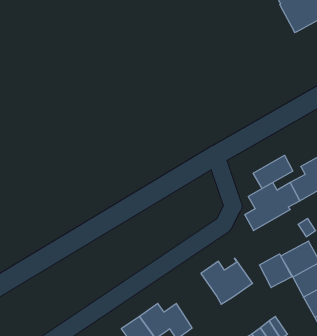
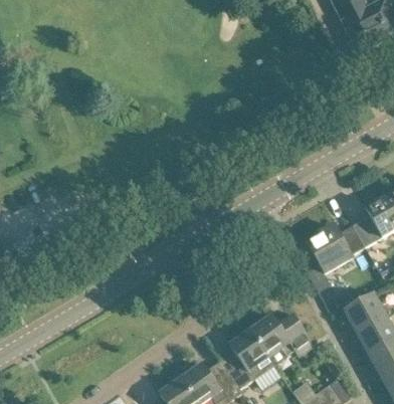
building: [253,155,293,188] -> none
building: [259,254,292,288] -> none
building: none -> [223,329,274,388]

